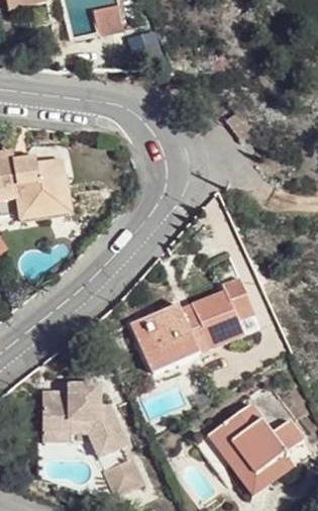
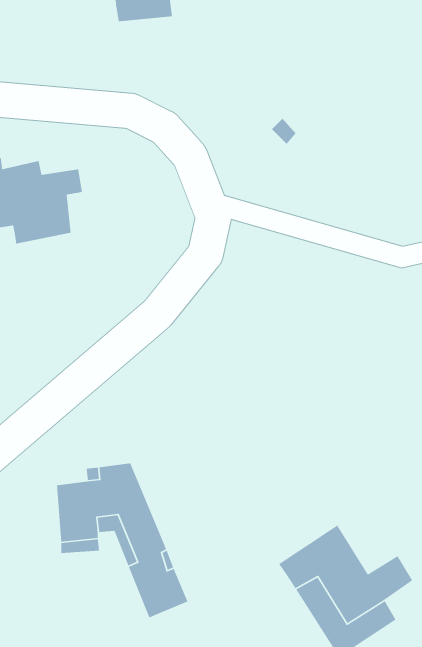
building: [14,173,70,220] -> none
building: [131,265,251,362] -> none

